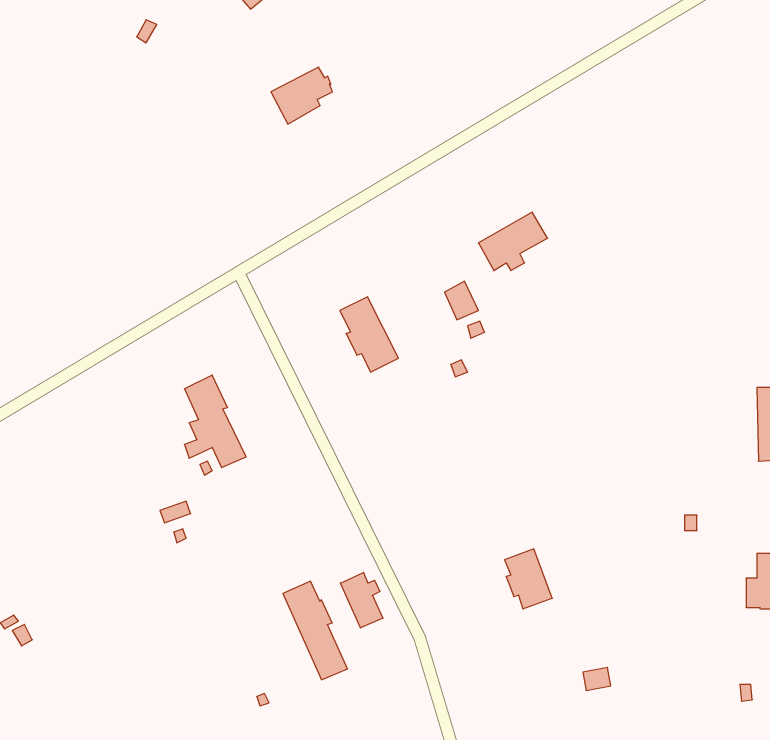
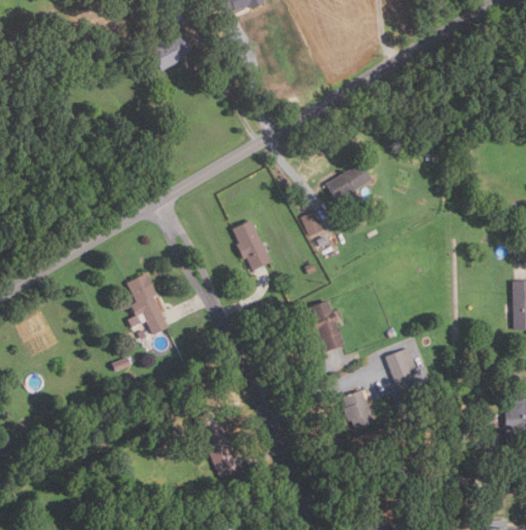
building: [271,67,332,124] -> [150,34,192,72]
building: none -> [310,301,345,352]
building: none -> [386,348,418,385]
building: [340,572,383,628] -> none

